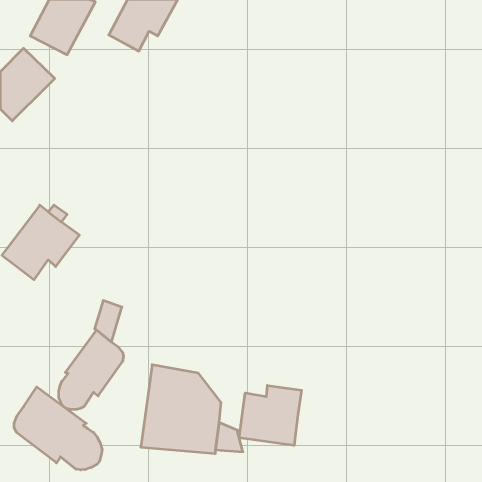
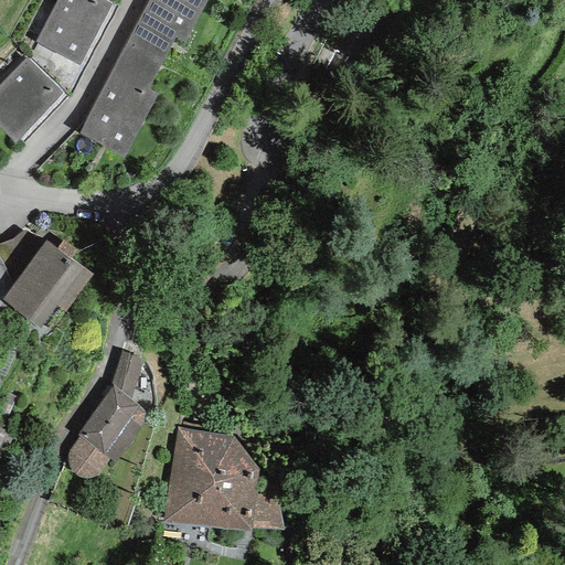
building: none -> [78,41,163,157]
building: [239,385,302,445] -> none
building: [14,387,102,470] -> none

